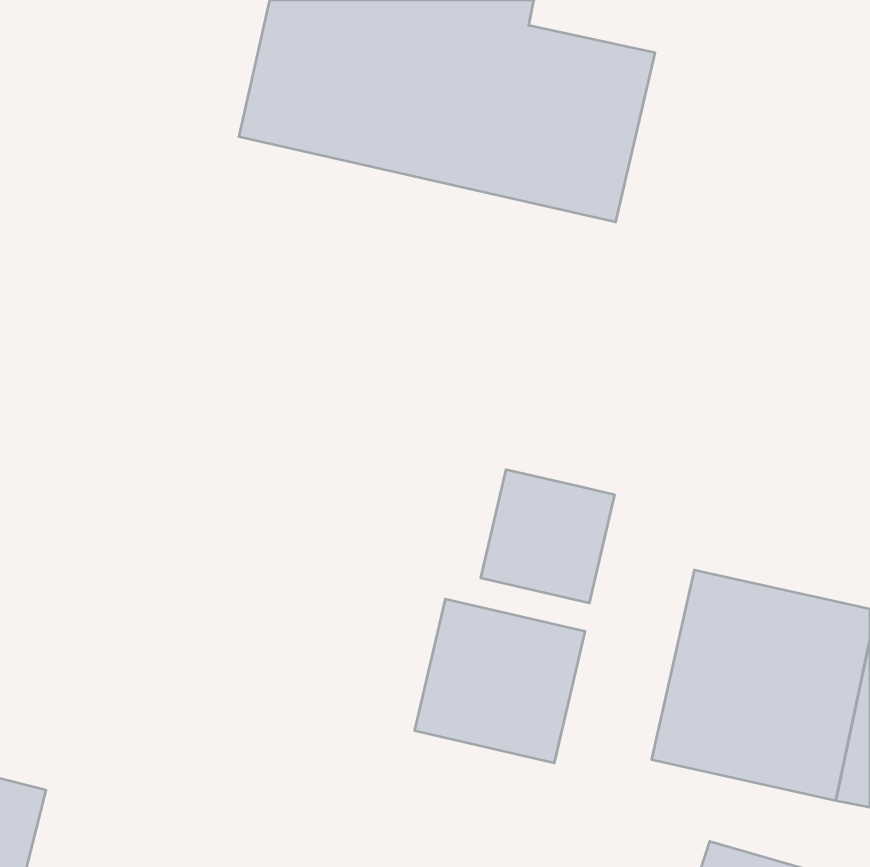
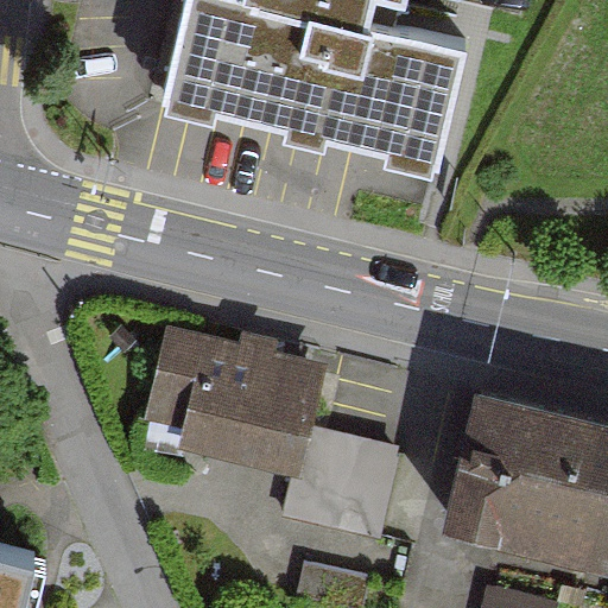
building: [481,470,614,603] -> none
building: none -> [146,334,322,481]

